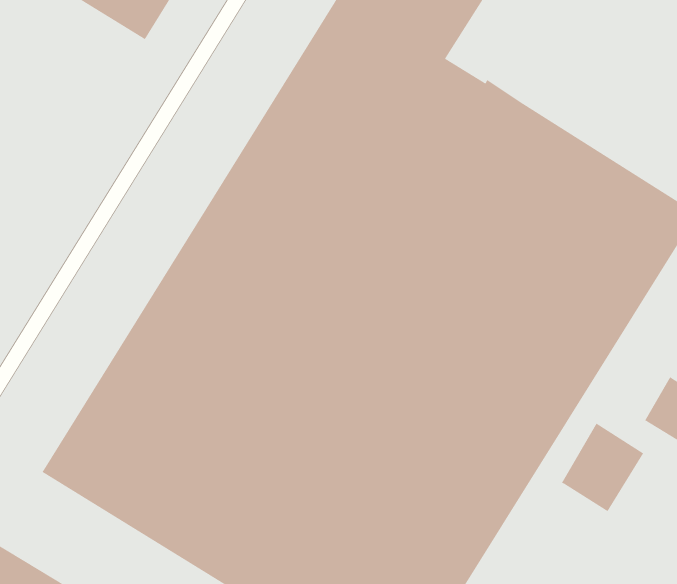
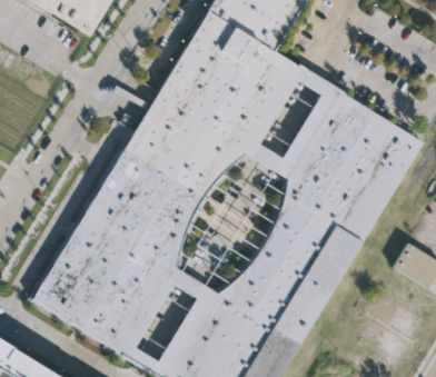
building: [561,422,644,512] -> none

